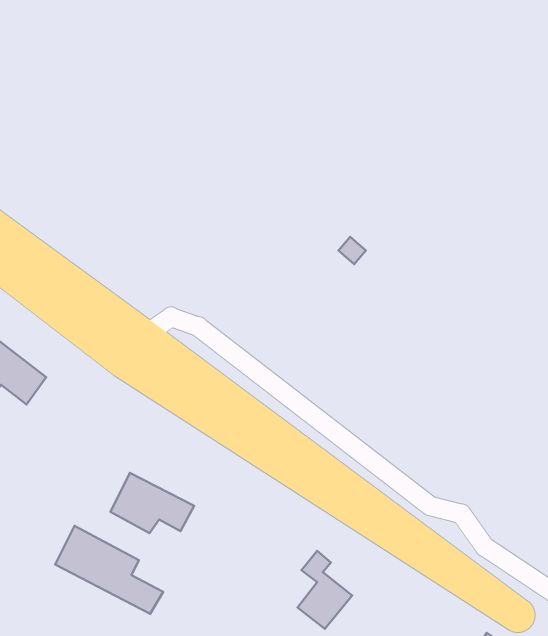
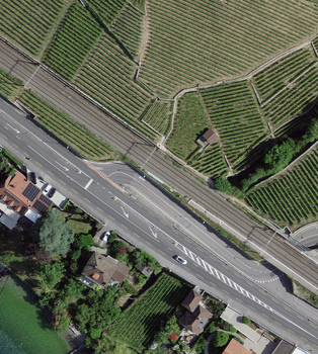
building: [55,526,163,614] -> none

